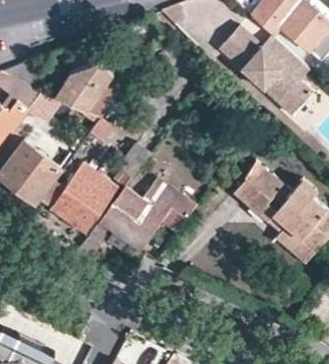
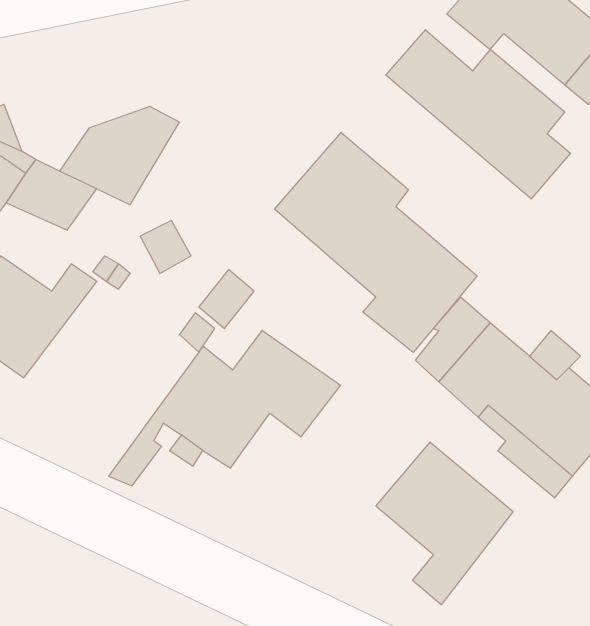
building: none -> [275,132,477,352]
building: [39,161,111,231] -> none
building: none -> [376,442,513,605]

